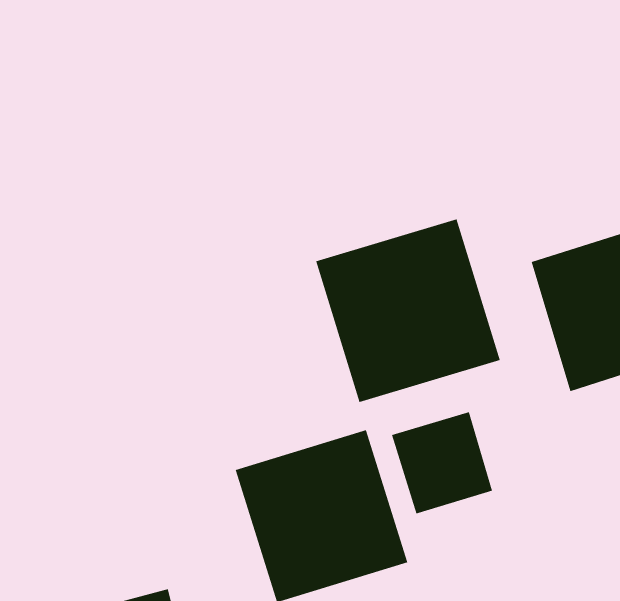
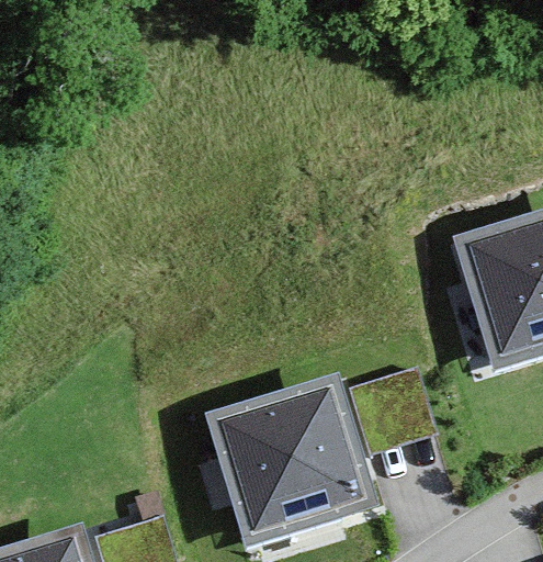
building: [316,218,500,403] -> none

